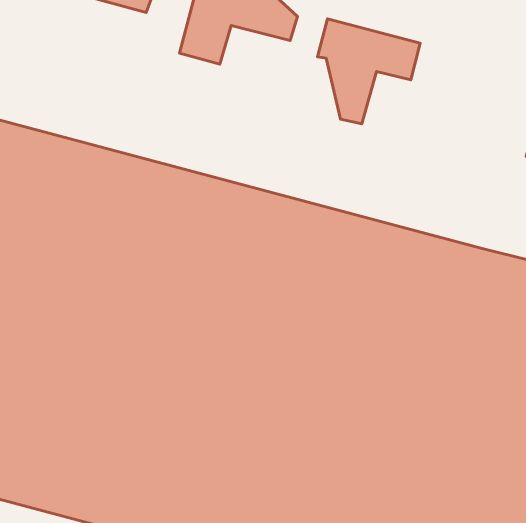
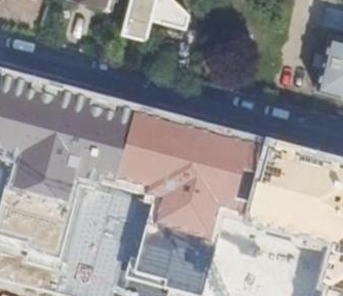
building: [318,19,420,124] -> none

